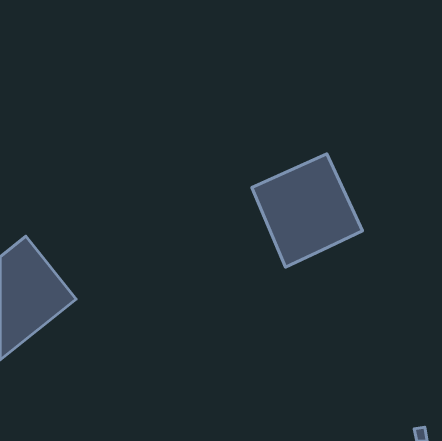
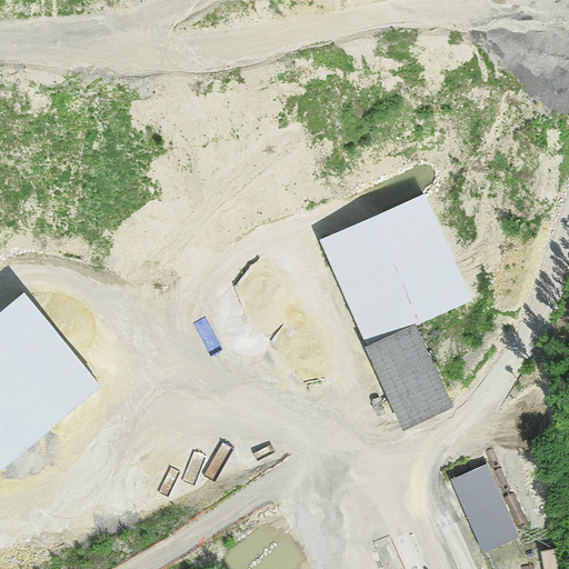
building: none -> [367,321,452,427]
building: none -> [452,463,518,550]

